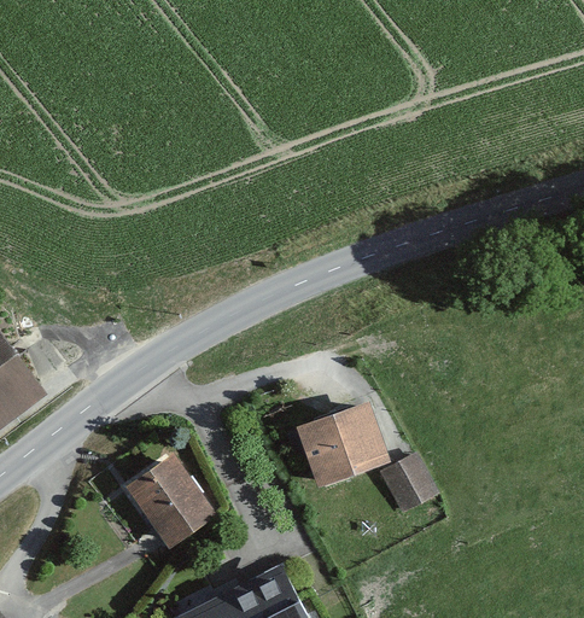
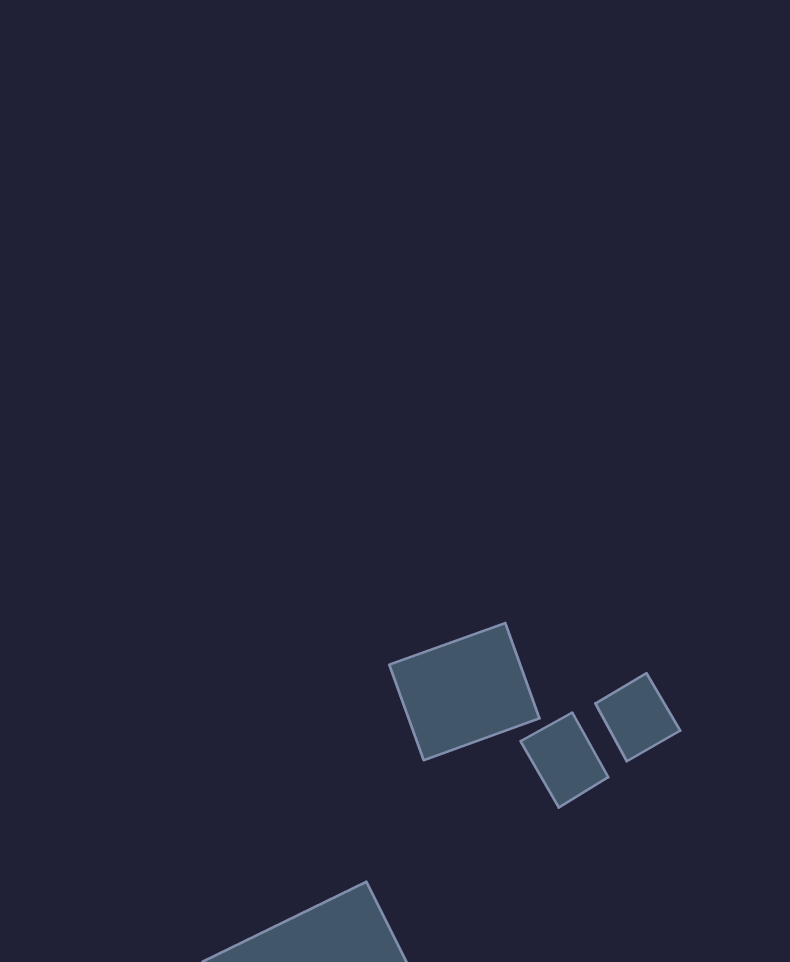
building: none -> [595,673,680,761]
building: [124,451,216,548] -> none

